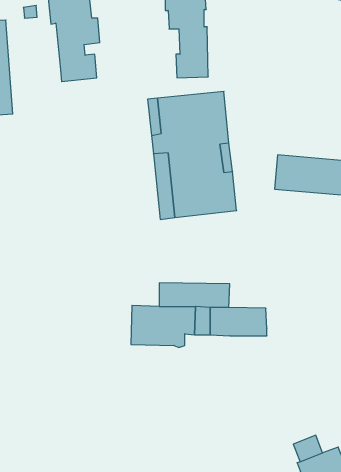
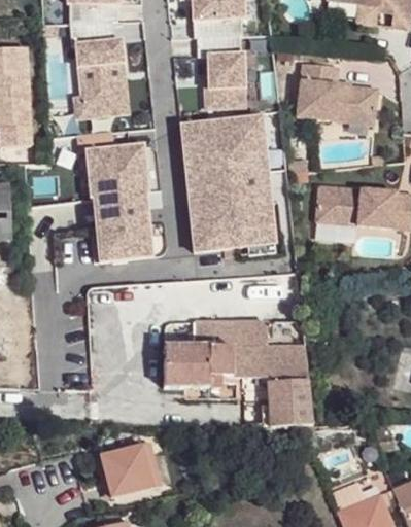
building: none -> [295,60,376,121]
building: none -> [81,68,135,119]
building: none -> [74,134,151,265]
building: none -> [267,377,312,426]
building: none -> [101,438,165,496]

